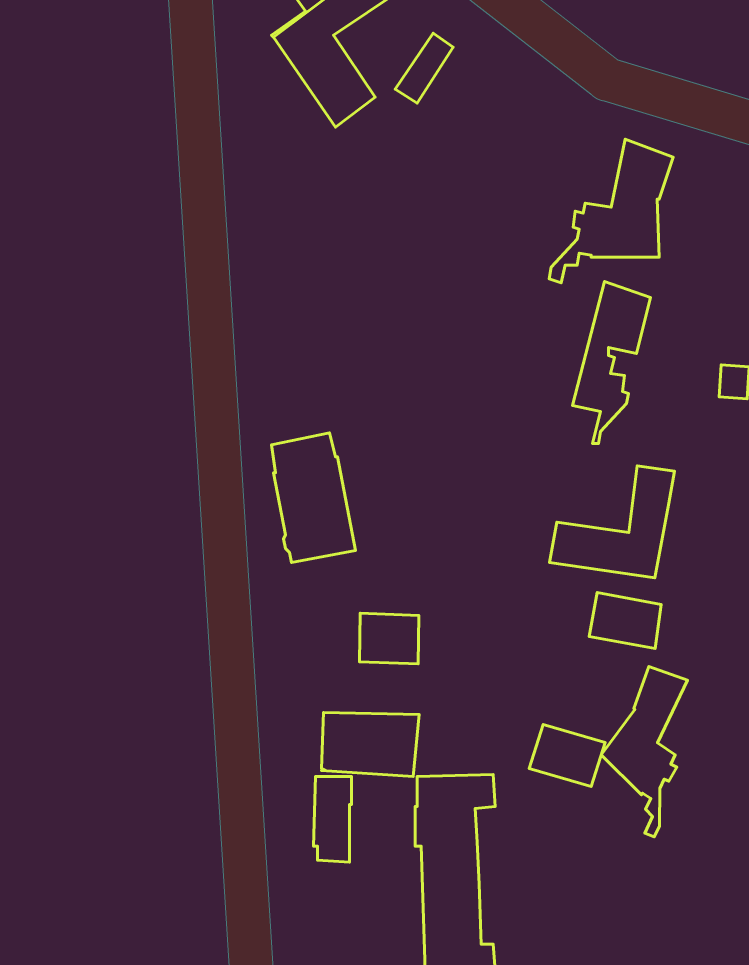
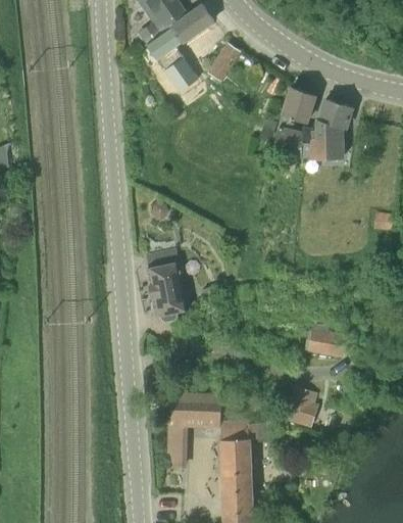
building: [572,282,650,443] -> [274,86,314,169]
building: [549,466,675,578] -> none
building: [360,613,419,664] -> none
building: [601,666,687,837] -> none

